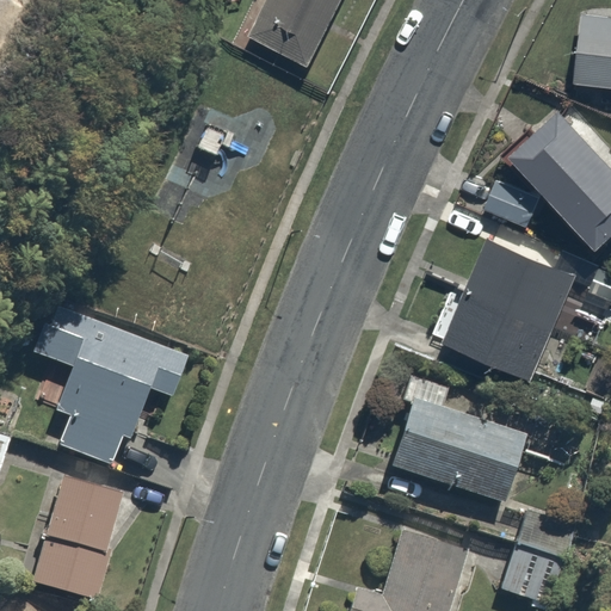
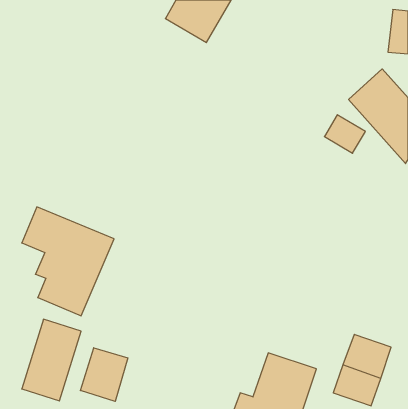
building: [440,236,581,382] -> none
building: [388,375,530,510] -> none
building: none -> [80,348,128,401]

